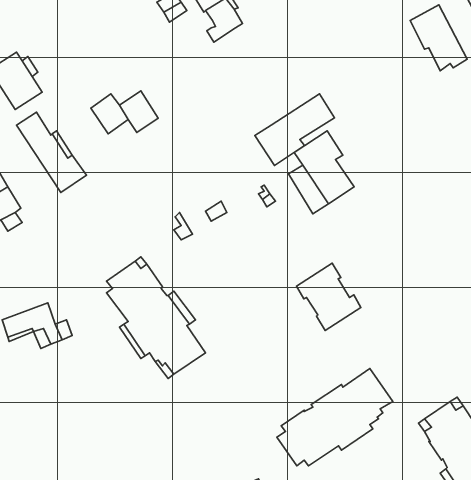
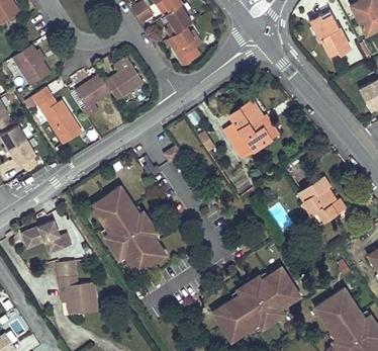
building: none -> [168,27,201,66]
building: none -> [115,56,145,91]
building: [255,94,335,165] -> none
building: none -> [75,84,97,118]
building: [297,263,361,330] -> [299,177,345,225]
building: none -> [57,261,98,315]

